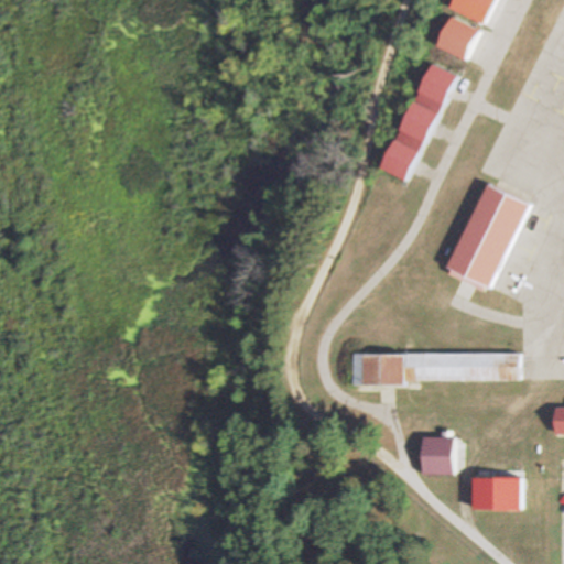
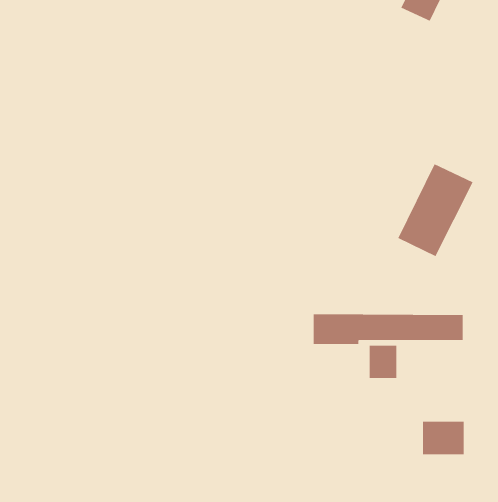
building: [433,15,479,61] -> none
building: [377,63,457,182] -> none
building: [421,437,453,475] -> [369,345,397,379]

